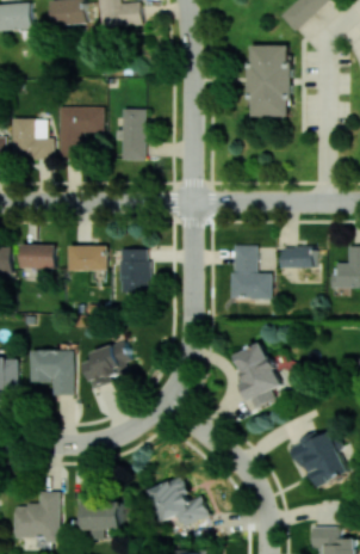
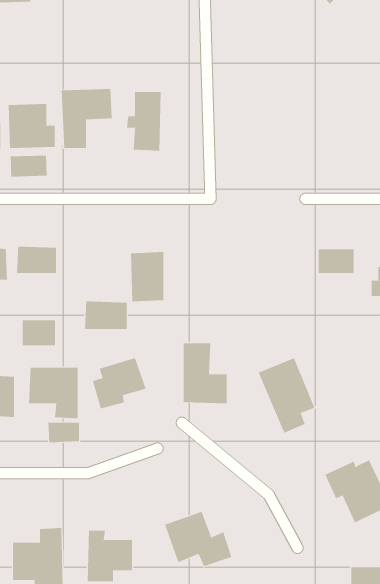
building: [248,45,288,116] -> none
building: none -> [10,155,47,177]
building: [67,245,105,270] -> [84,301,128,330]
building: [231,245,271,298] -> [183,343,228,404]
building: none -> [22,319,55,346]
building: none -> [48,422,80,443]

